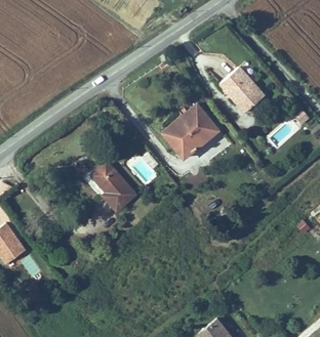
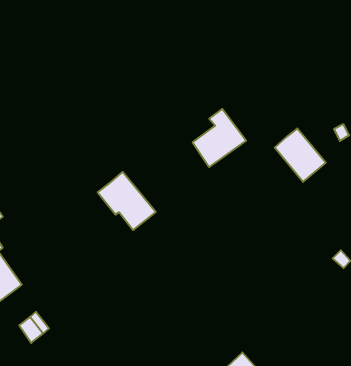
building: [221,68,265,114] -> [275,128,326,182]
building: [162,112,192,158] -> none

